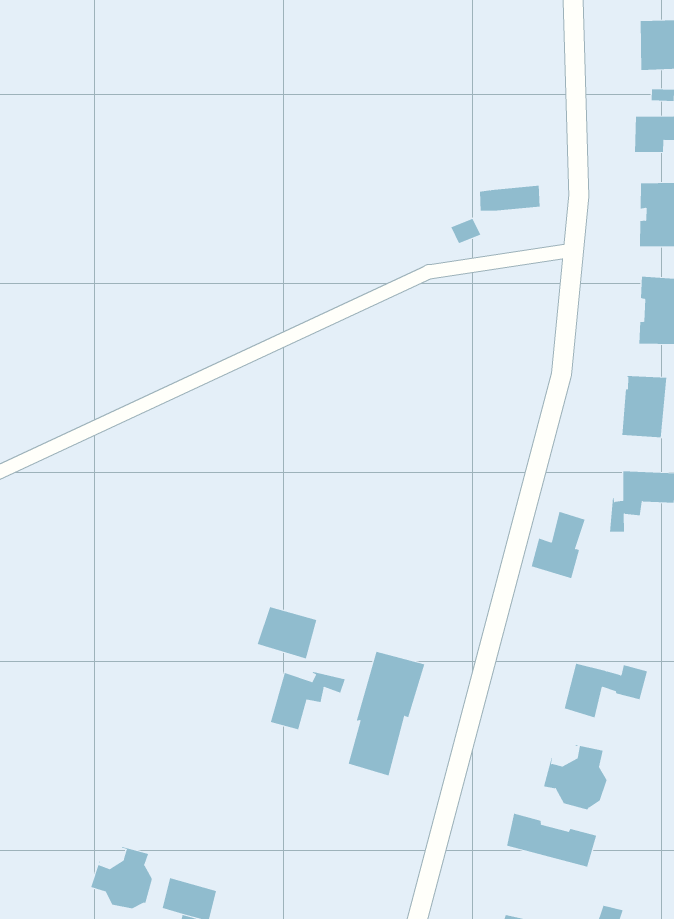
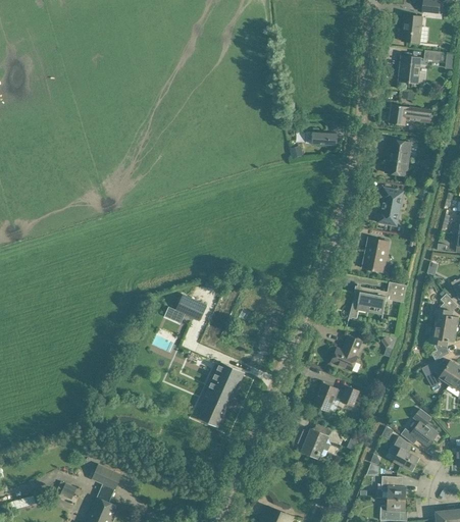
building: [531,511,586,579] -> [330,335,362,371]
building: [257,607,317,659] -> [173,295,206,324]
building: [270,671,346,730] -> none
building: [507,813,597,867] -> none
building: [91,846,153,909] -> none

